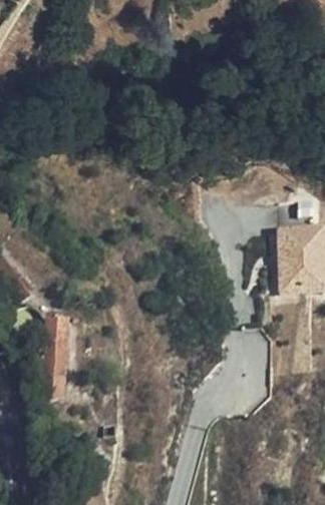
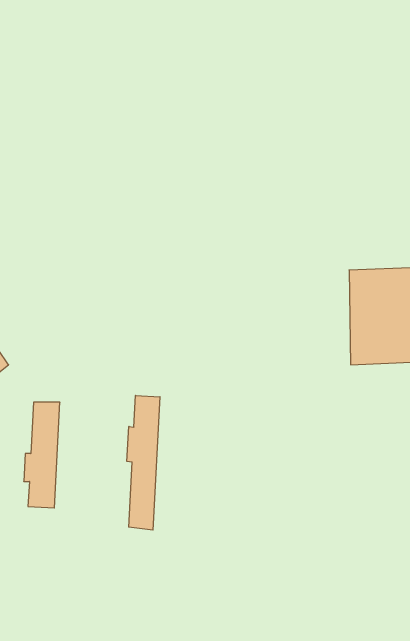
building: none -> [127,395,160,530]

